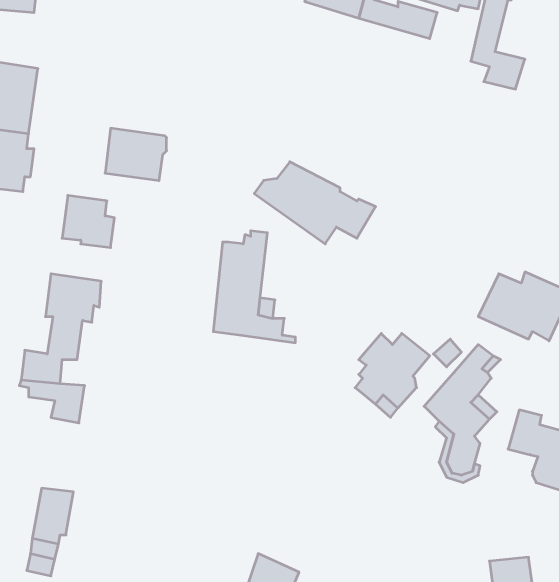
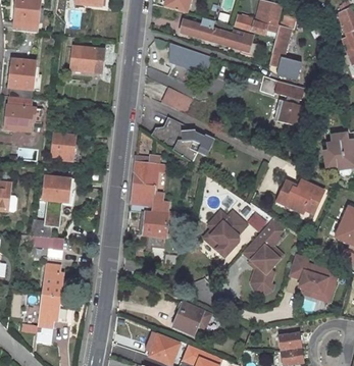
building: none -> [170,42,213,71]
building: none -> [263,72,307,121]
building: none -> [162,86,195,113]
building: [105,128,167,181] -> [69,47,103,75]
building: none -> [144,211,178,249]
building: none -> [38,263,59,297]
building: none -> [176,300,213,332]

